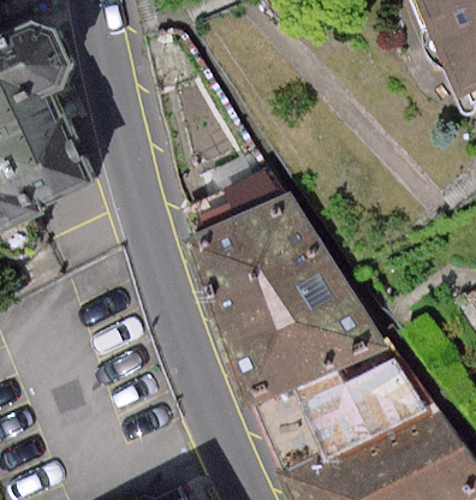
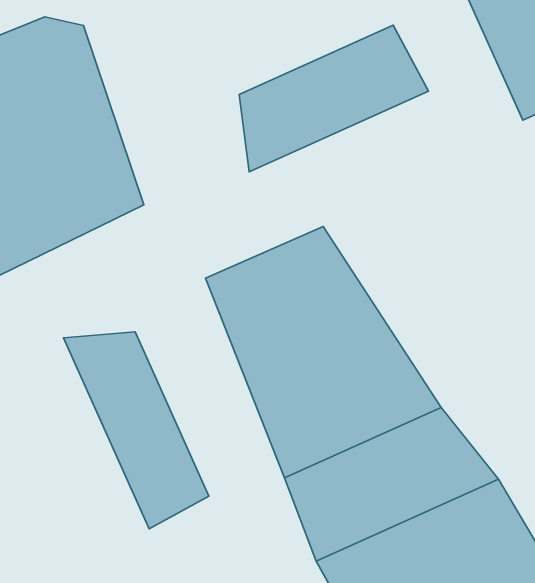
building: none -> [239,25,429,172]
building: none -> [63,332,209,529]

